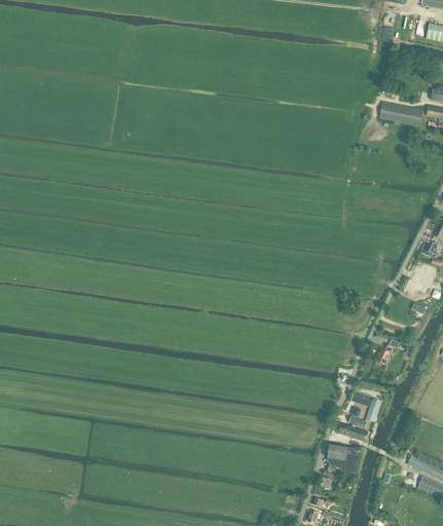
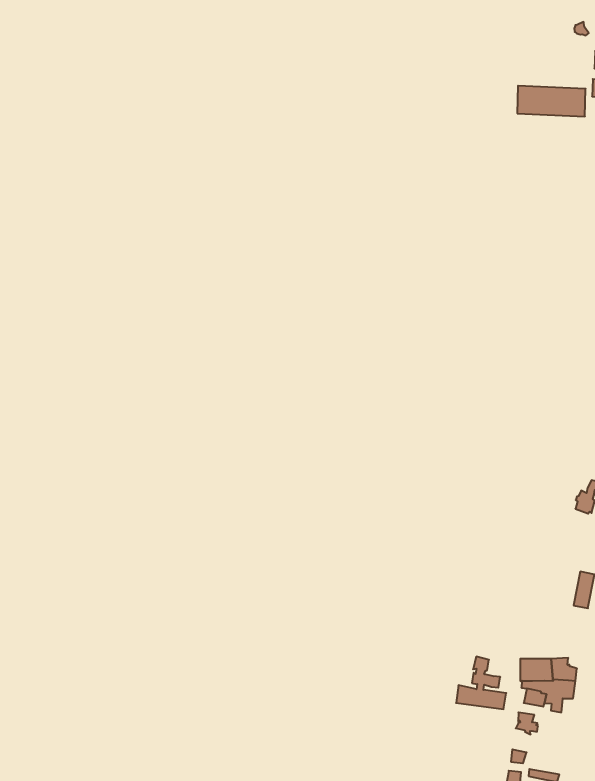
building: [337,406,368,440] -> [456,657,506,709]

